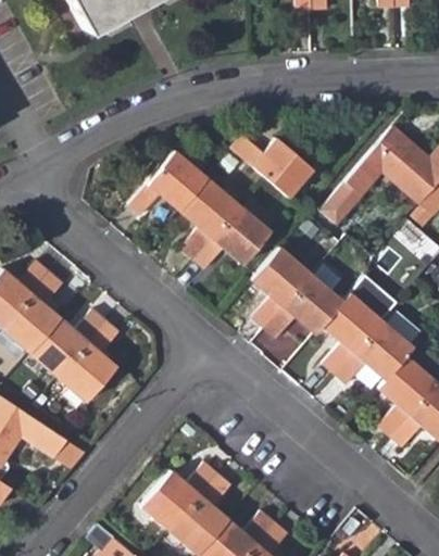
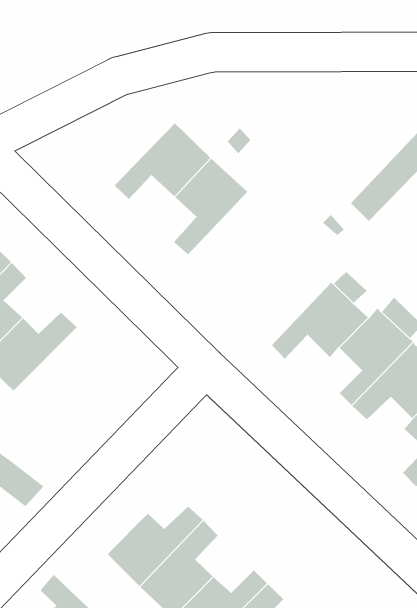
building: [231,136,312,198] -> none
building: [193,198,276,268] -> none
building: [249,245,311,328] -> none
building: [58,323,118,402] -> none

